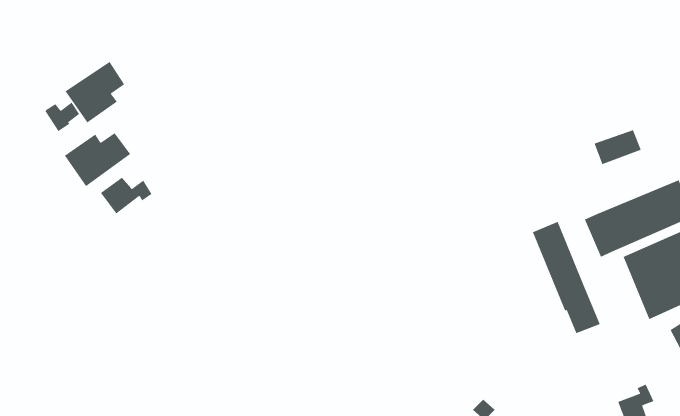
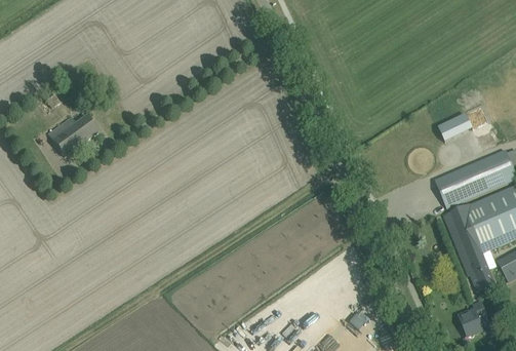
building: [65,61,125,123] -> none
building: [100,177,152,214] -> none
building: [532,221,601,334] -> [444,207,495,291]

